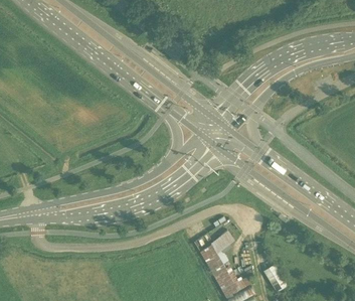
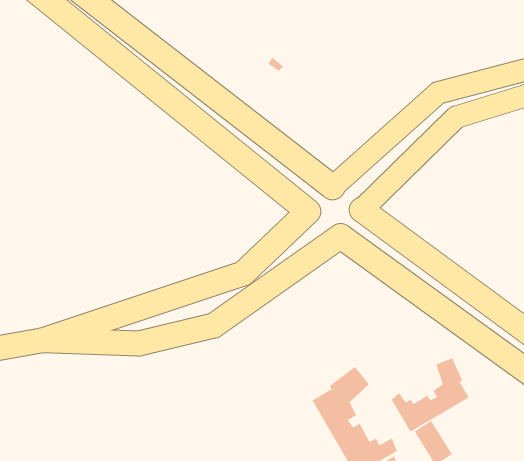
building: none -> [391,357,470,432]

